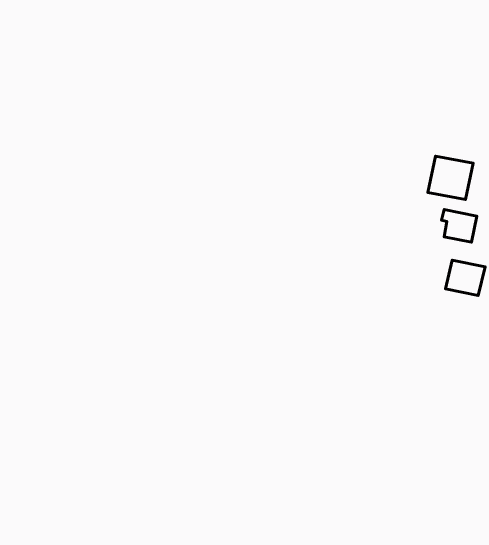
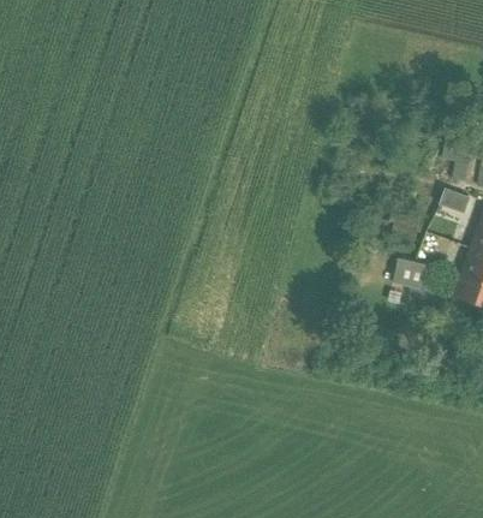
building: [428,156,473,199] -> none

